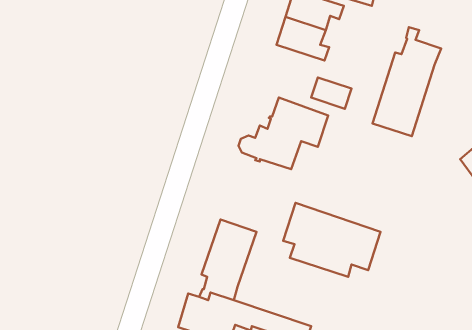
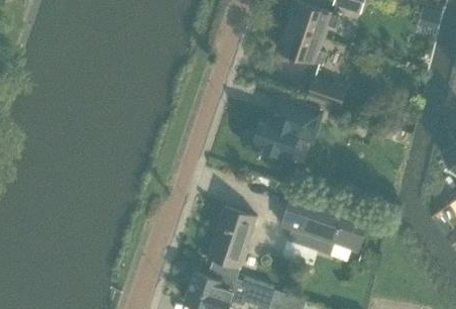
building: [372,27,441,136] -> none

